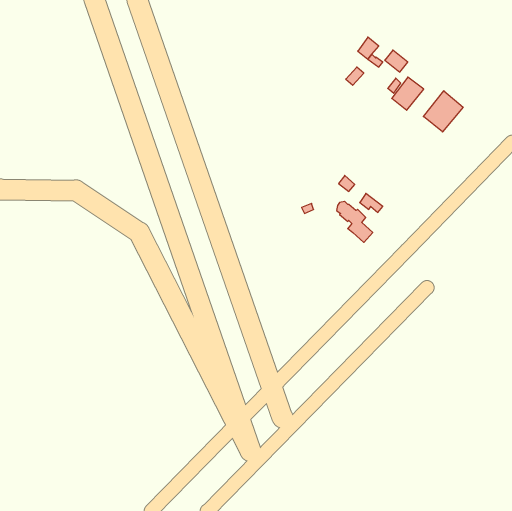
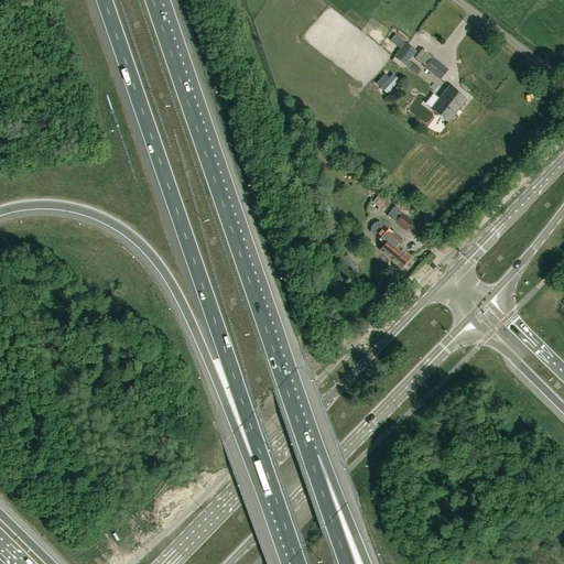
building: [423,91,463,132] -> none

